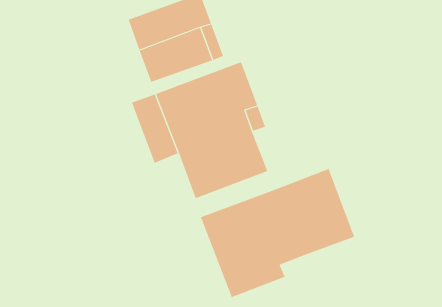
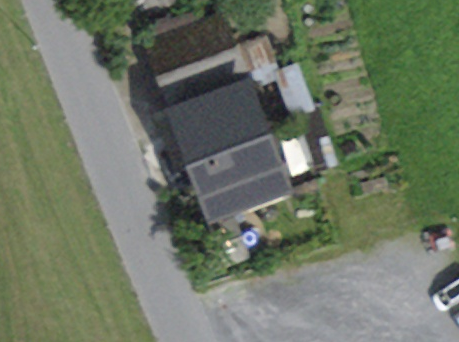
building: [200,168,355,298] -> none

